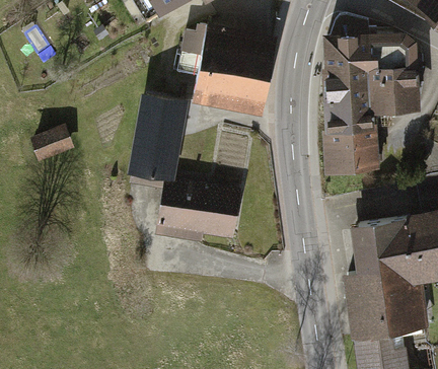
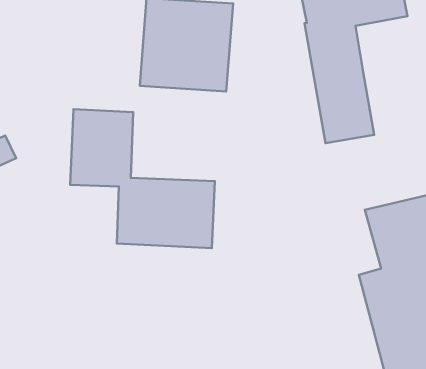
building: [372,66,420,108] -> none

